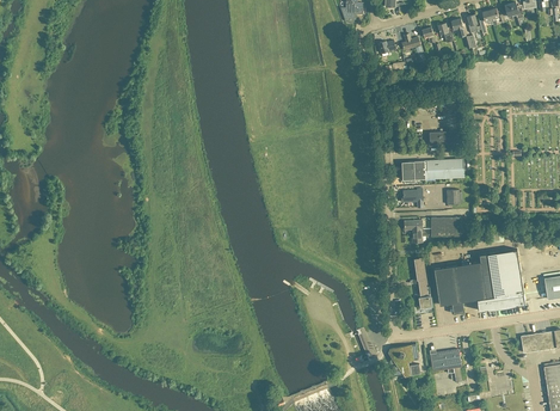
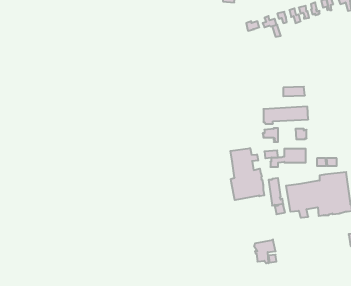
building: none -> [230,148,264,200]
building: [430,349,462,374] -> none

